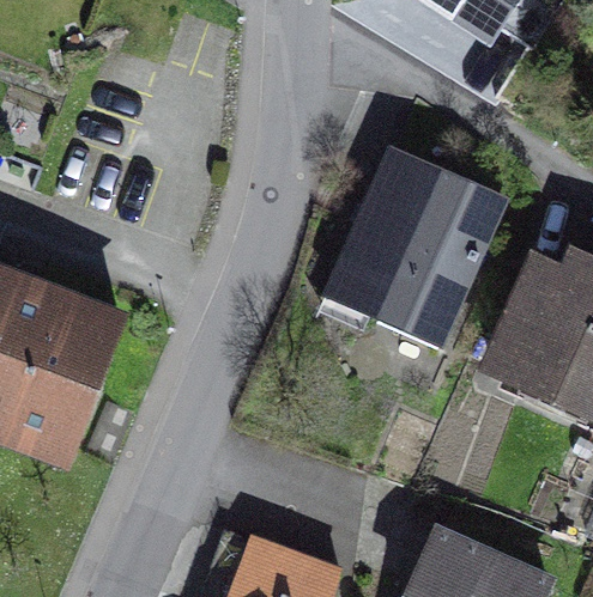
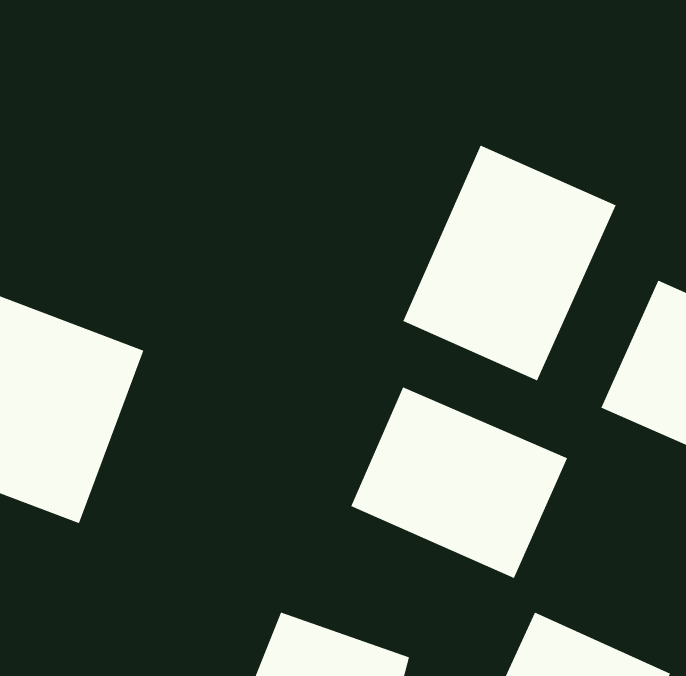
building: none -> [350,386,568,579]

